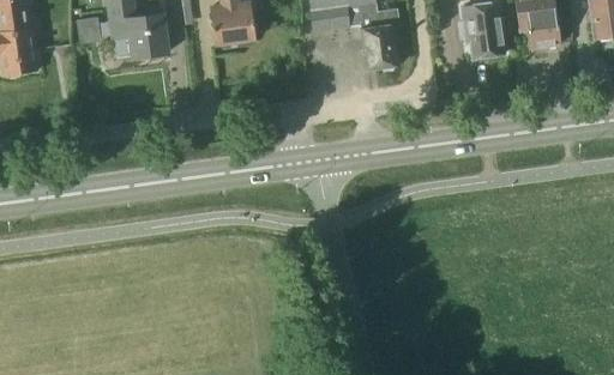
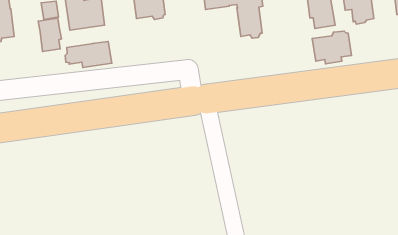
building: none -> [38,18,62,51]
building: none -> [312,31,352,64]
building: none -> [65,42,112,67]

